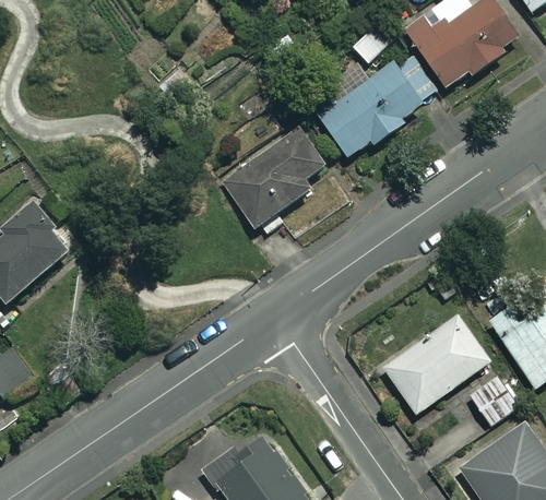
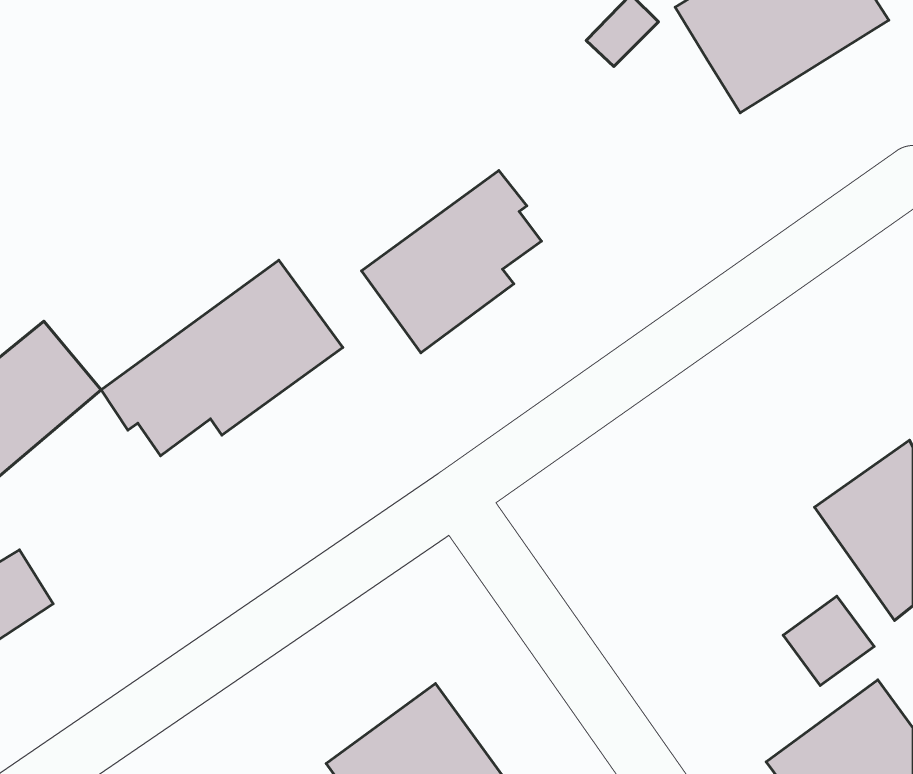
building: [312,57,443,160] -> none
building: none -> [101,260,343,456]
building: [382,316,489,414] -> none

